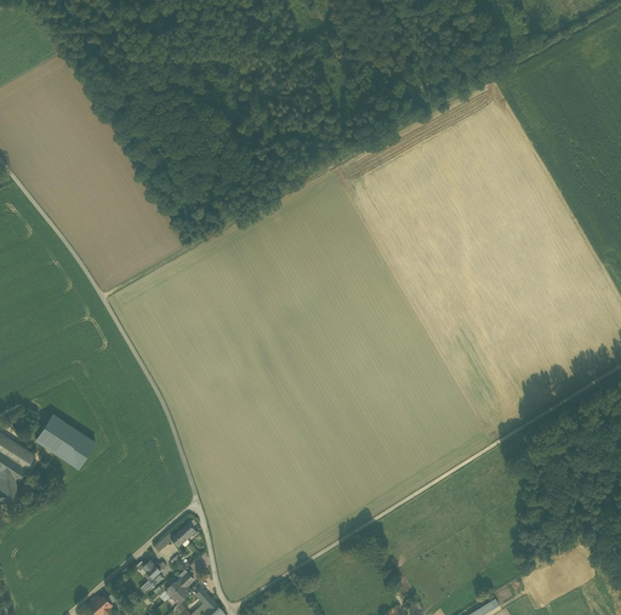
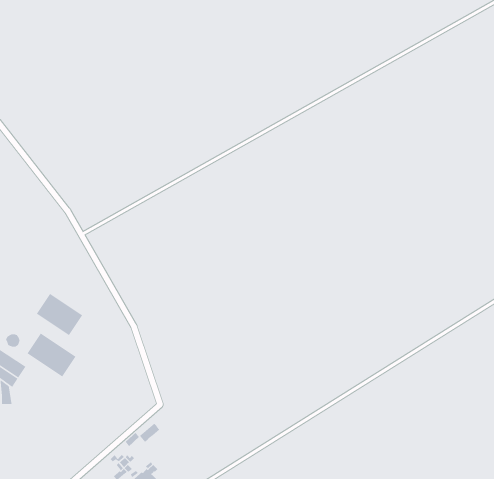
building: none -> [36,293,83,336]

